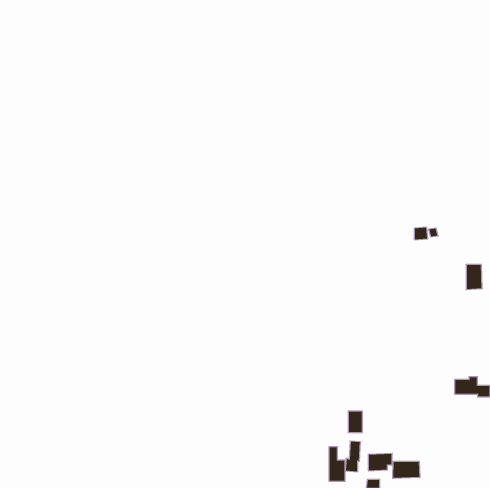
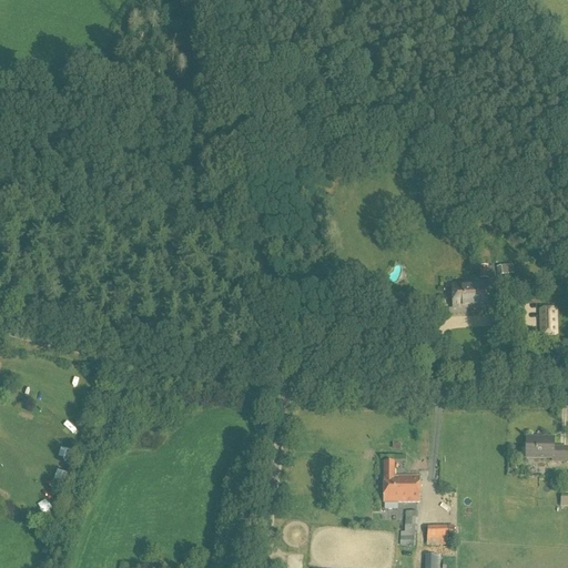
building: none -> [453,284,487,306]
building: [329,447,345,481] -> [384,460,403,500]
building: [393,461,420,479] -> none

